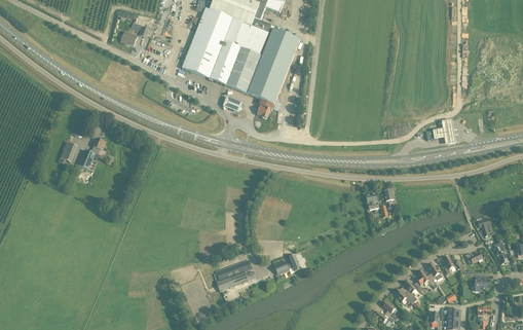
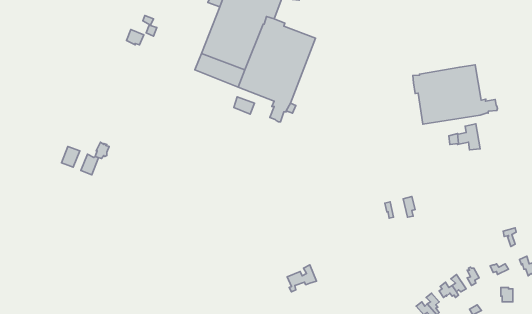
building: none -> [413,65,497,124]
building: [216,258,255,290] -> none

